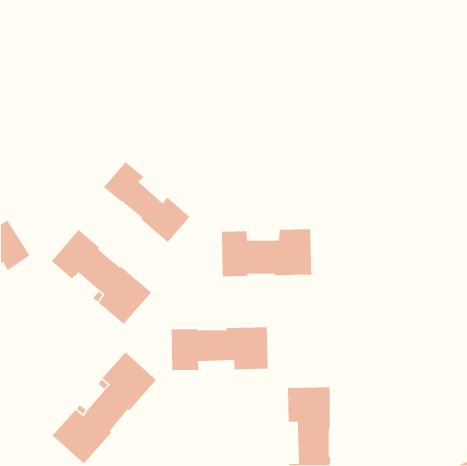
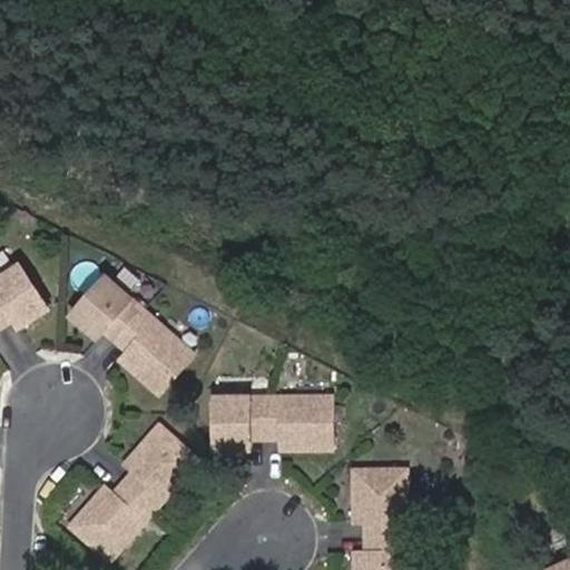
building: [103,161,191,243] -> none
building: [221,229,312,277] -> none

